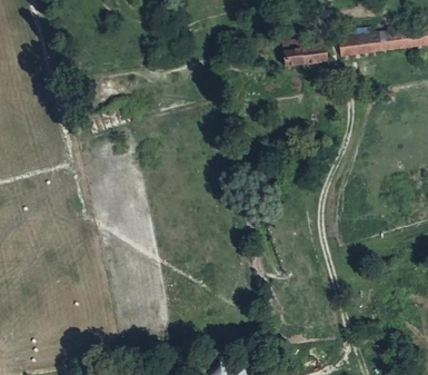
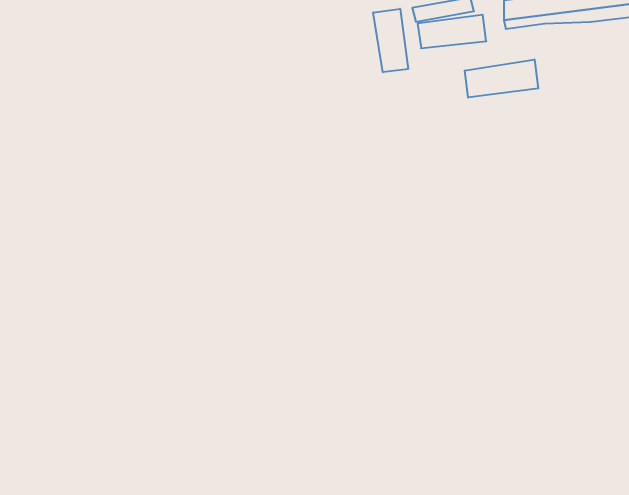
building: none -> [373,9,408,72]
building: none -> [465,59,538,98]

